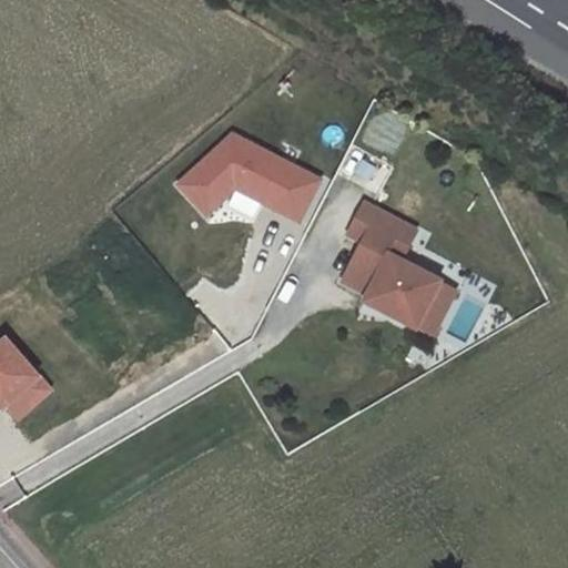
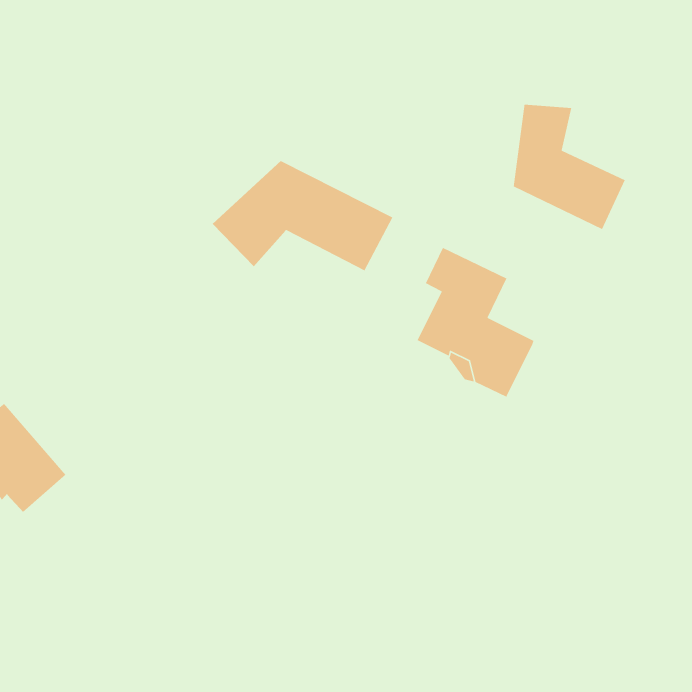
building: none -> [513,104,626,230]
building: [415,282,462,337] -> none

